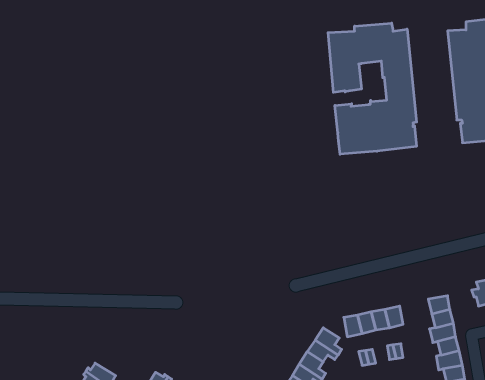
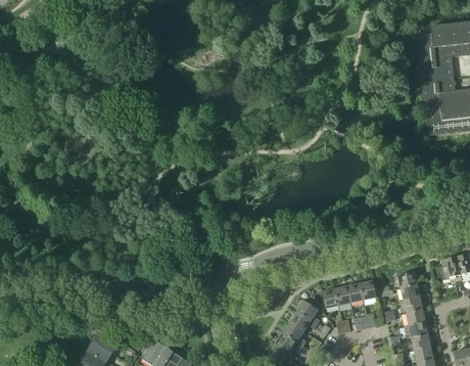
building: [328,23,417,154] -> none

